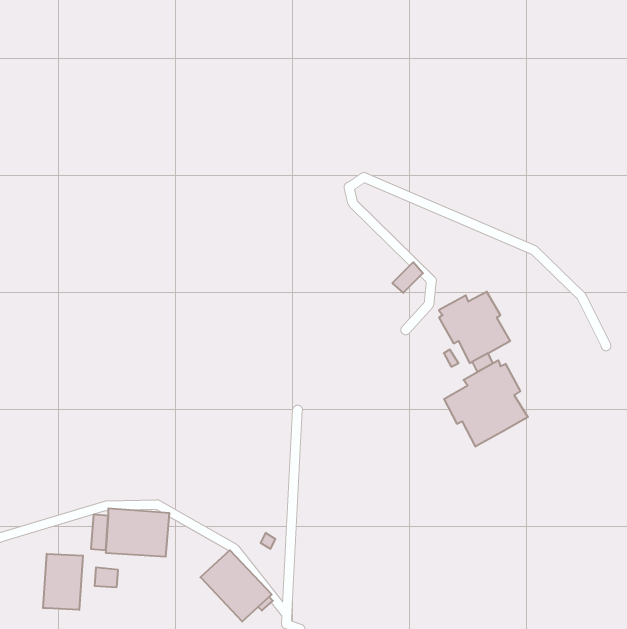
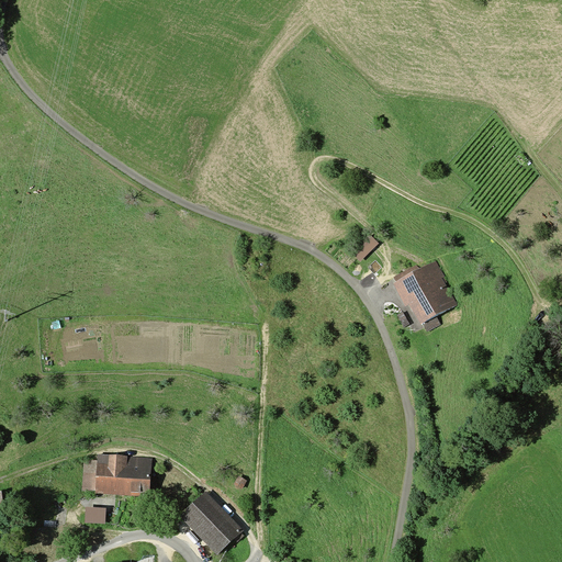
building: [444,360,528,447] -> none
building: [43,554,83,610] -> none

